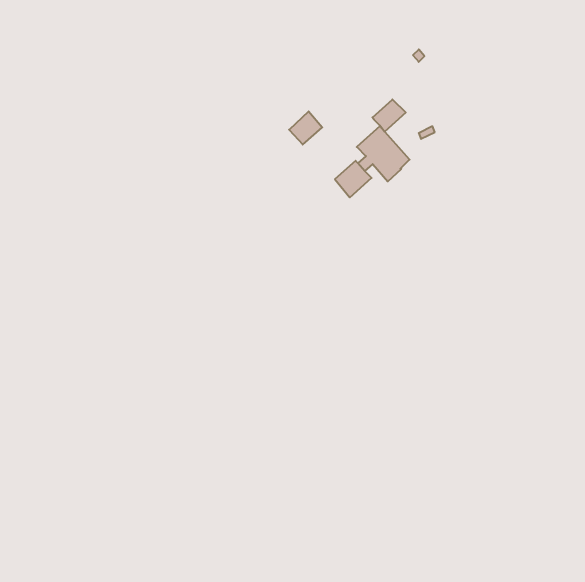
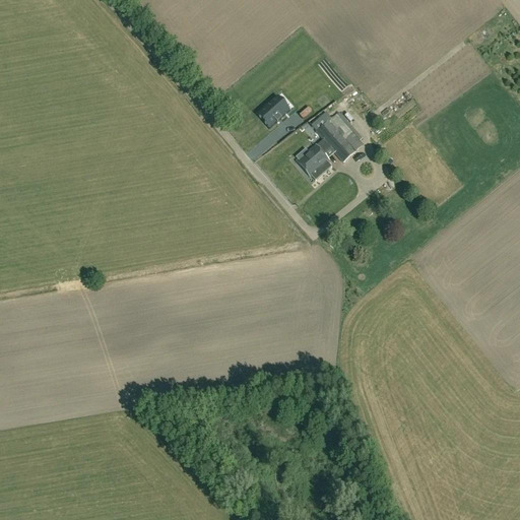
building: [372,99,406,132] -> none

